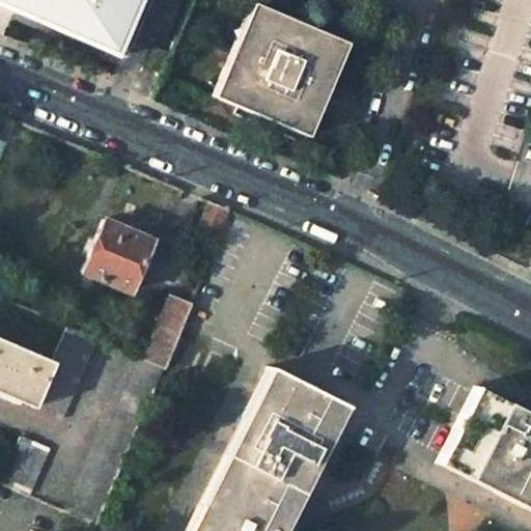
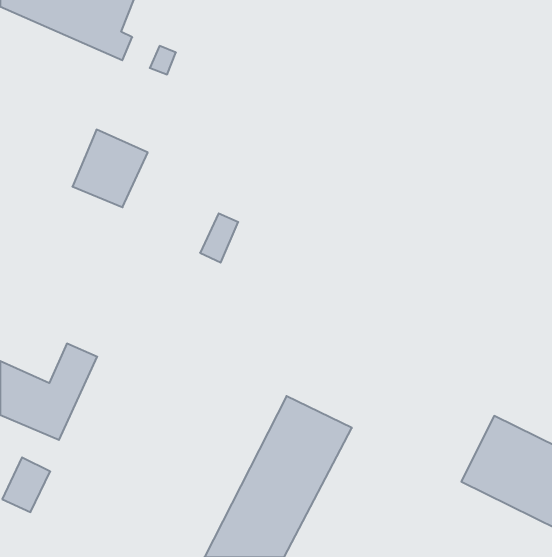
building: [220,5,341,133] -> none
building: [82,219,153,292] -> [72,130,148,207]
building: [144,296,192,367] -> none

